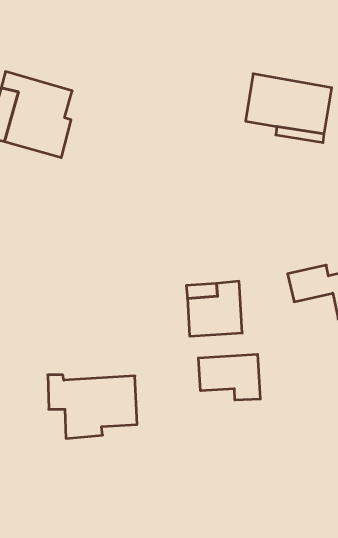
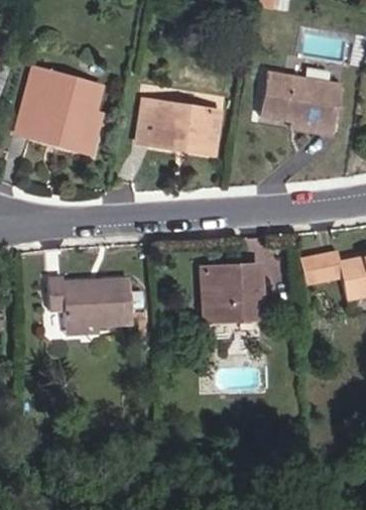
building: none -> [139,99,219,152]
building: [198,354,260,400] -> none
building: [48,375,137,438] -> [47,276,131,336]

